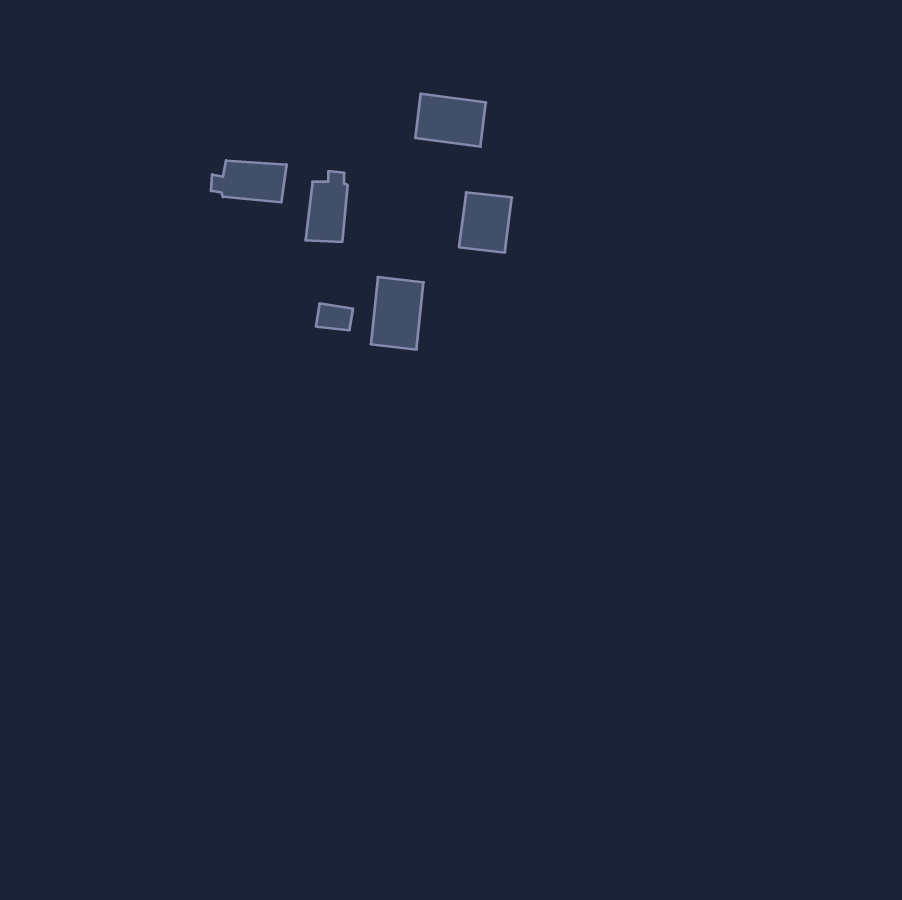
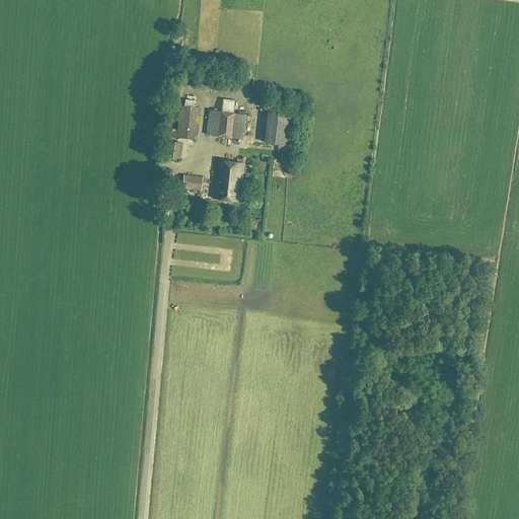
building: [415,94,486,147] -> [206,108,246,139]
building: [211,160,286,202] -> none

